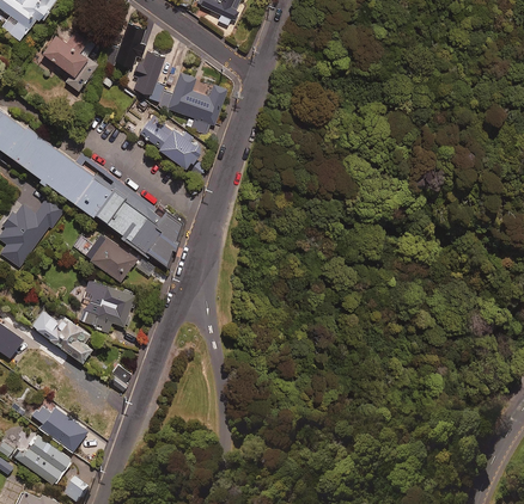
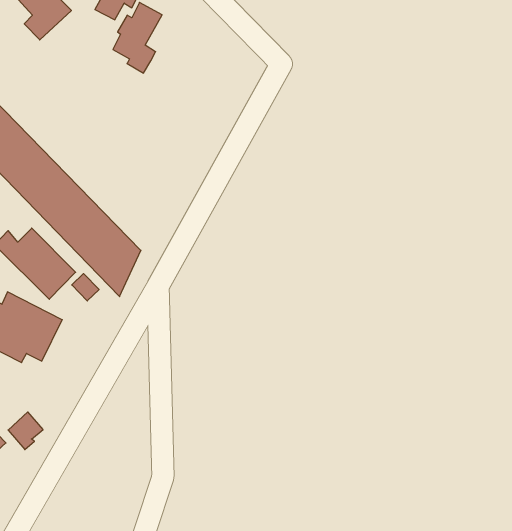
building: [157,74,226,135] -> none
building: [139,122,206,172] -> none

